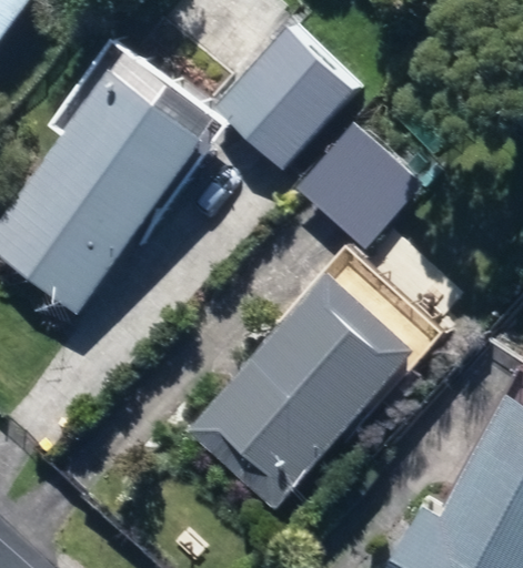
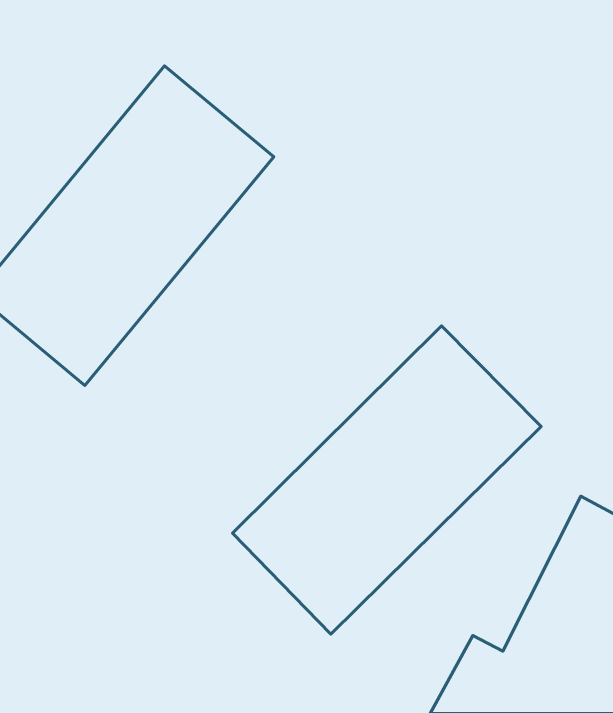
building: [228,20,369,162] -> none
building: [305,116,433,243] -> none

